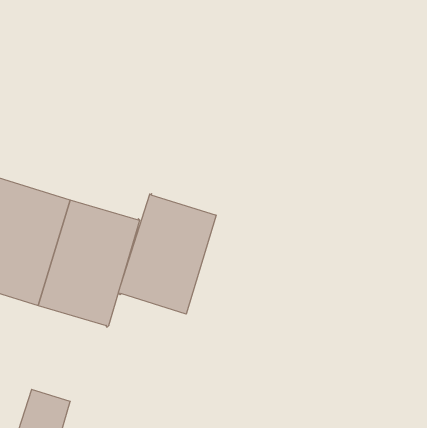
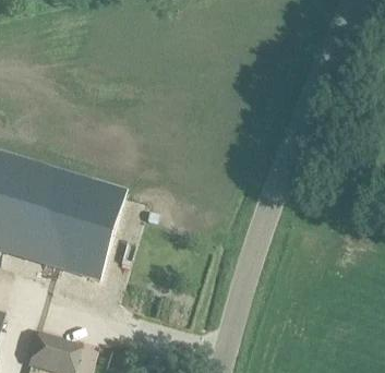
building: [119,194,216,314] -> none

